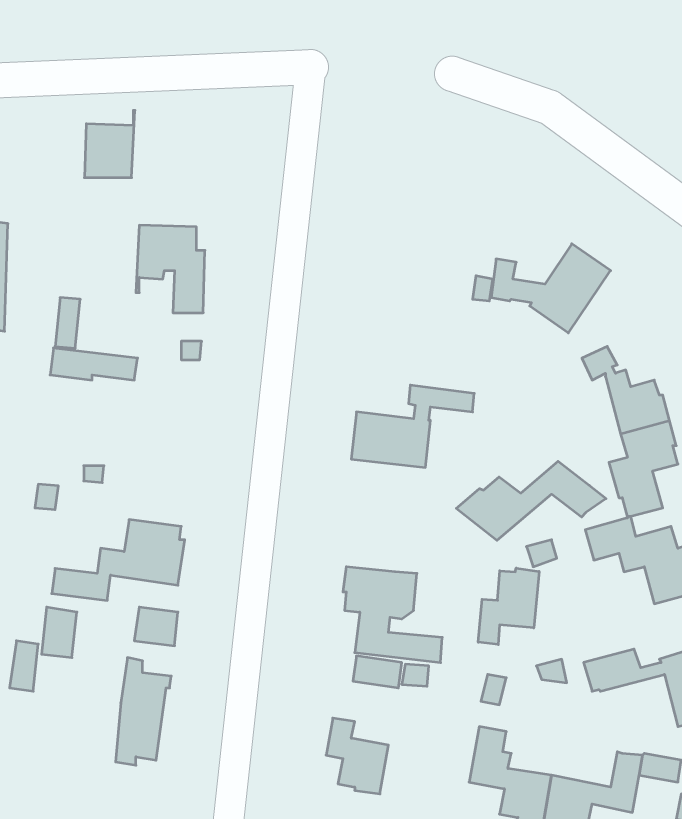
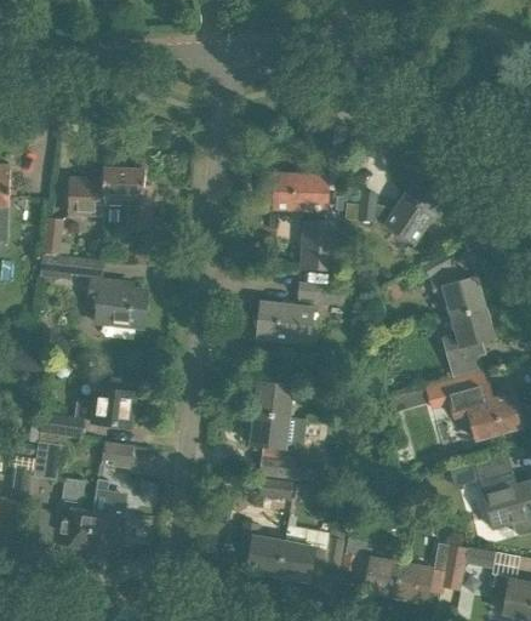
building: [84,110,135,178] -> [68,166,104,215]
building: none -> [274,173,338,269]
building: none -> [86,279,148,327]
building: [456,461,606,540] -> none
building: none -> [253,371,293,416]
building: [478,568,539,645] -> none
building: none -> [59,479,91,553]
building: none -> [278,522,347,580]

